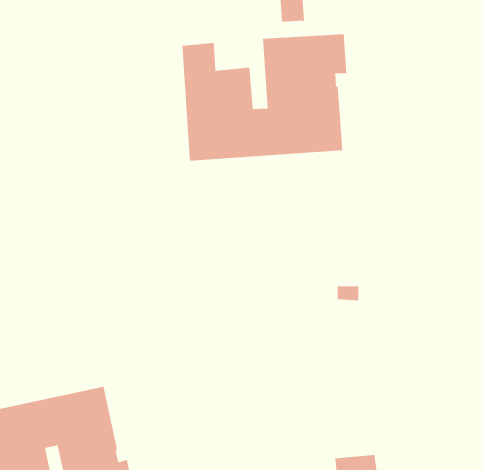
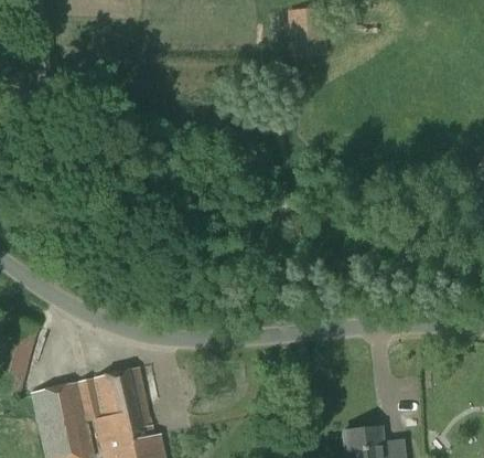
building: [182,34,347,162] -> none

